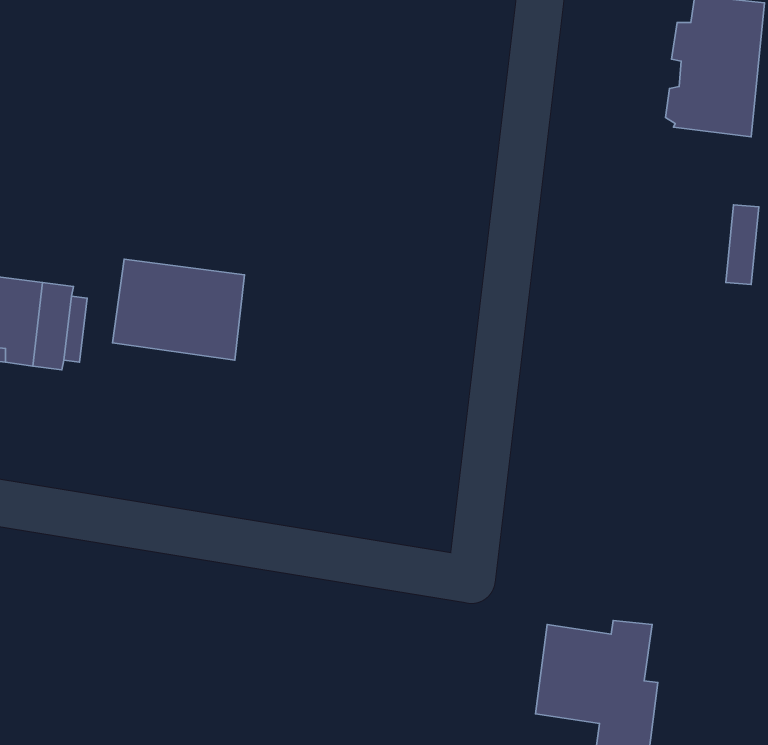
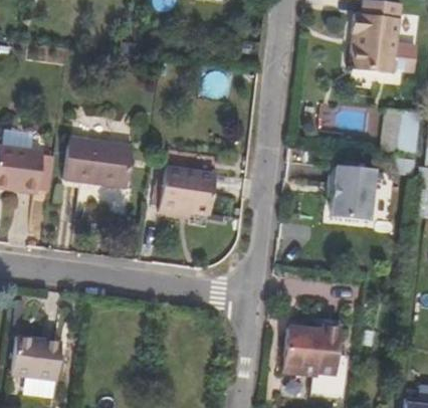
building: none -> [334,164,376,219]
building: none -> [158,166,215,215]
building: none -> [11,334,61,380]

